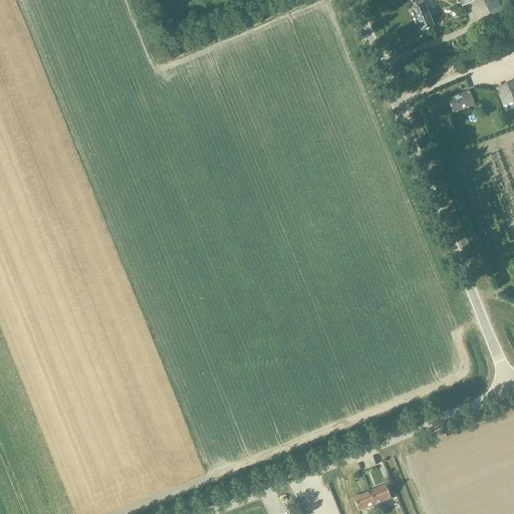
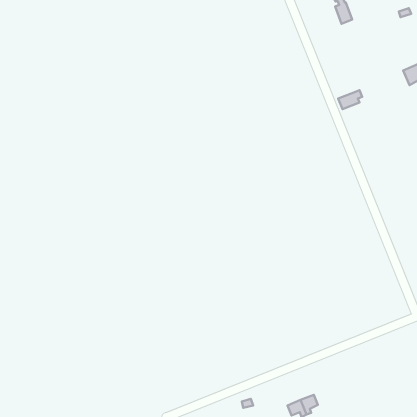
building: [449,87,478,110] -> [338,90,362,109]

